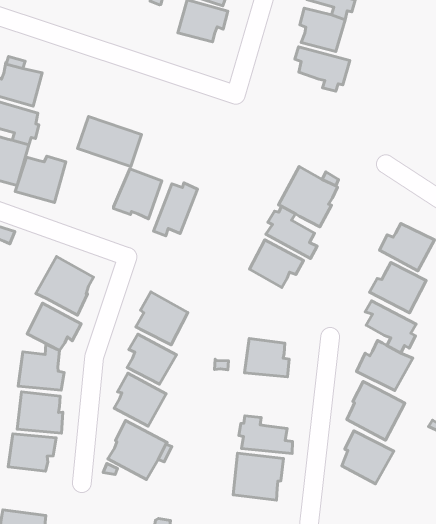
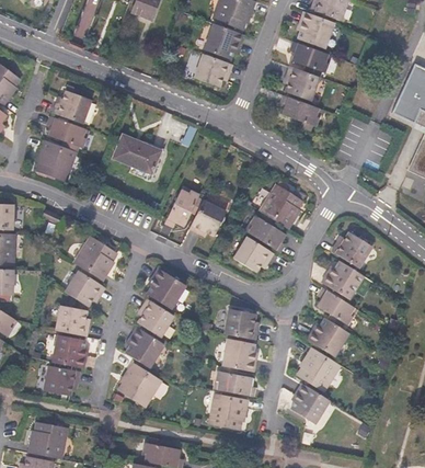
building: [15,156,66,202] -> none
building: [114,169,162,219] -> [188,199,226,238]
building: none -> [221,338,256,372]

